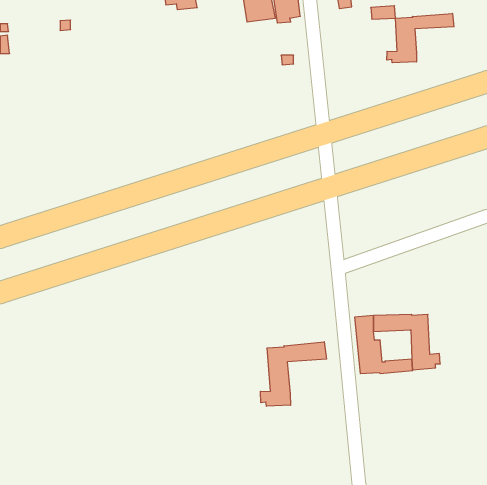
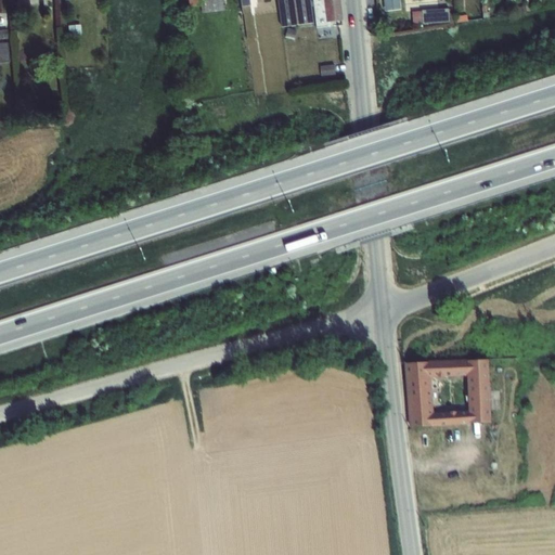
building: [387,13,454,63] -> none
building: [260,342,326,406] -> none

